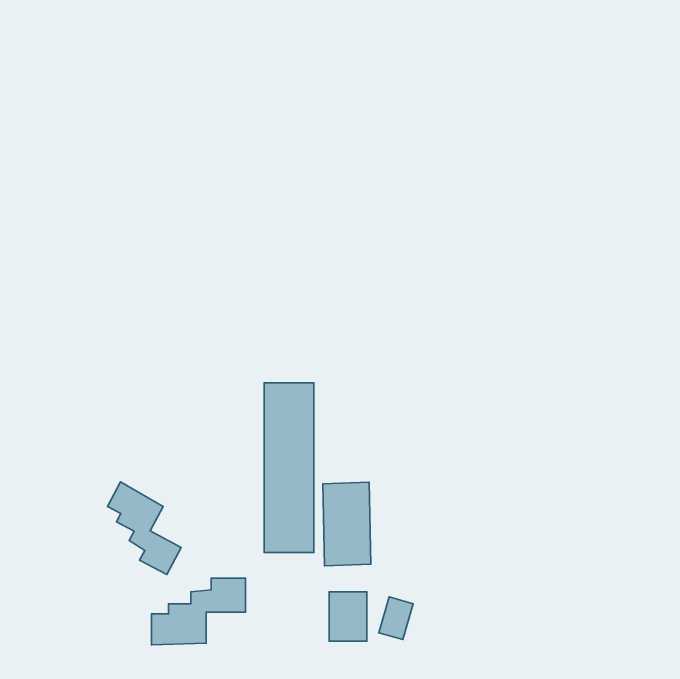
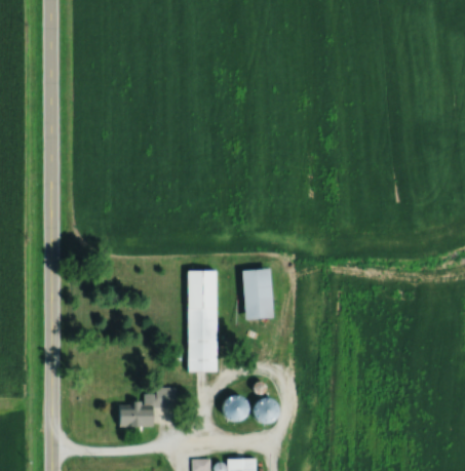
building: [107,482,181,575] -> none
building: [323,482,371,566] -> [243,269,272,319]

